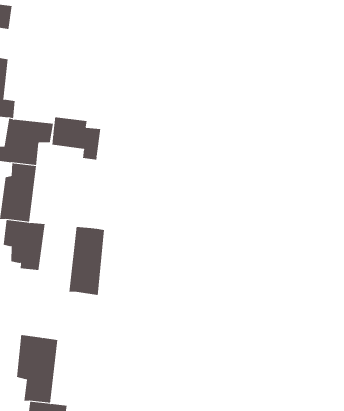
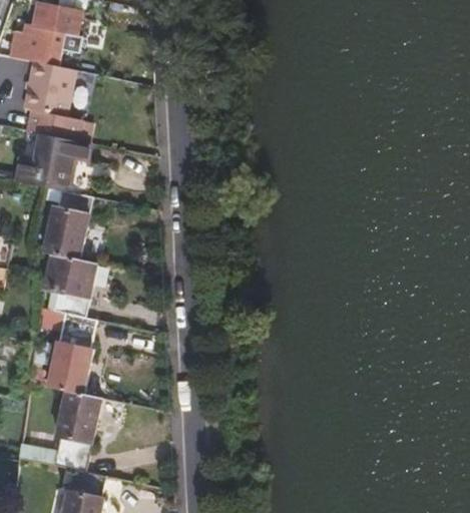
building: [52,116,101,160] -> none
building: [69,226,105,295] -> [47,315,95,397]

